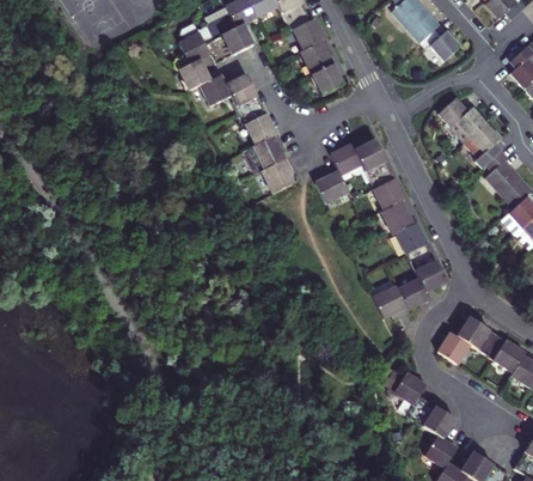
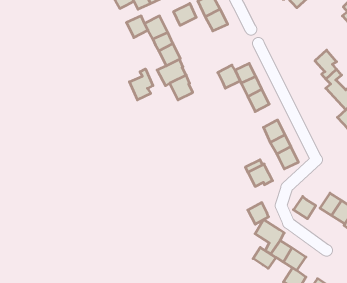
building: none -> [174,3,196,25]
building: [177,56,209,87] -> none
building: [439,97,486,141] -> none
building: none -> [129,69,153,100]
building: [315,168,348,200] -> none
building: [380,199,413,233] -> none
building: [398,278,428,309] -> [248,203,269,224]
building: [458,315,491,348] -> none
building: none -> [253,247,276,268]

